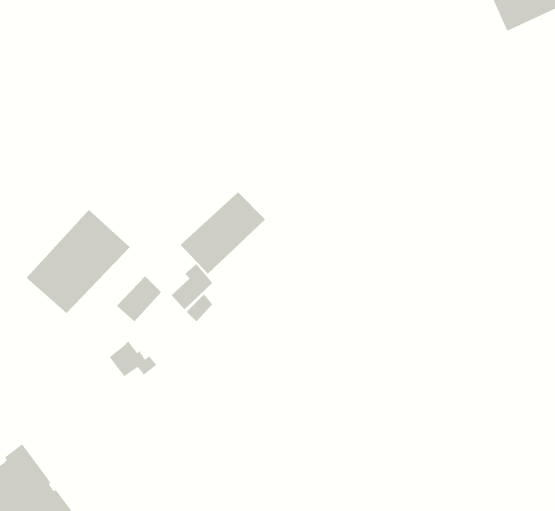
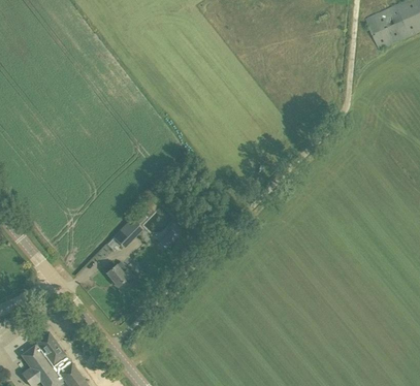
building: [180,192,266,275] -> none
building: [26,209,130,314] -> none

